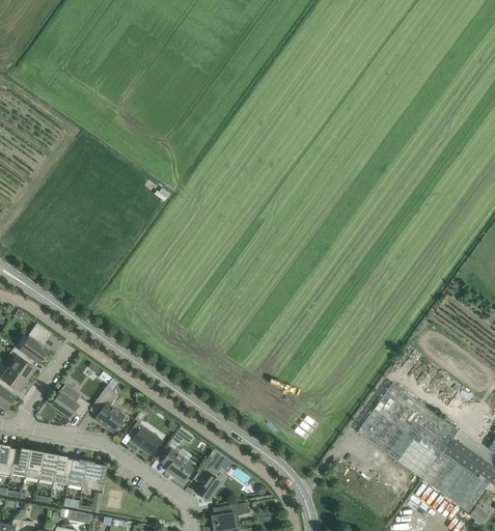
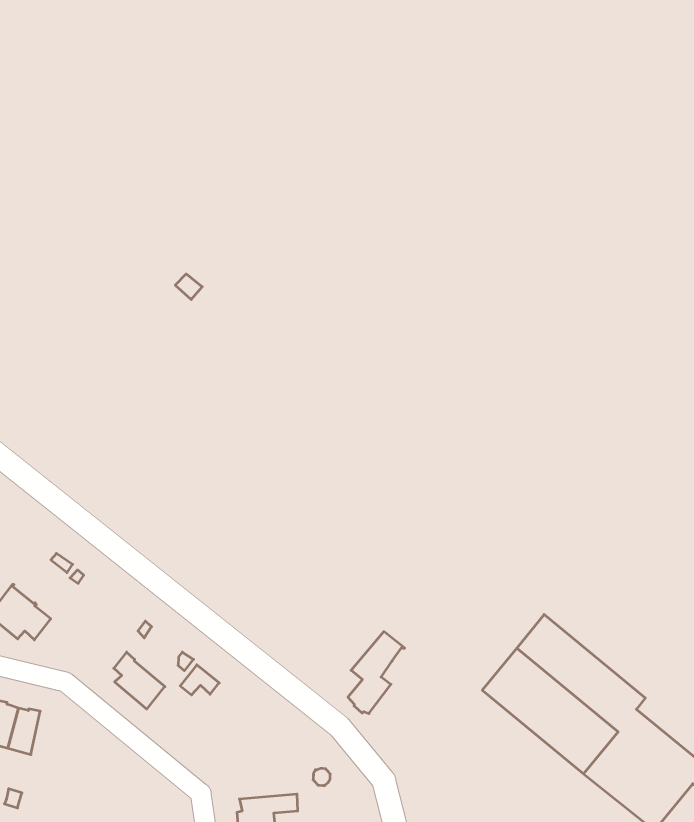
building: [89,387,123,432] -> none
building: [162,449,194,482] -> none
building: [195,449,228,500] -> [348,632,405,714]
building: [82,460,107,490] -> none

